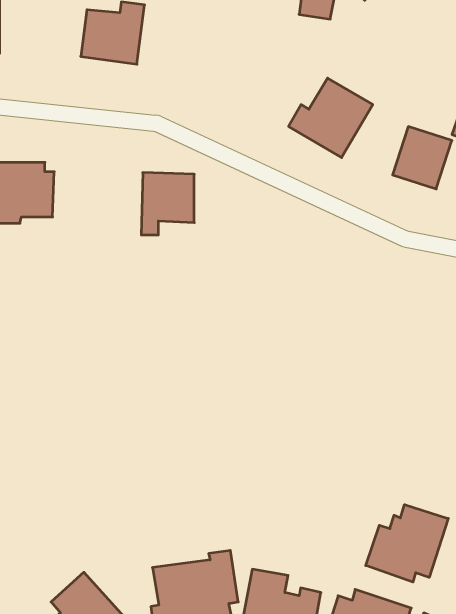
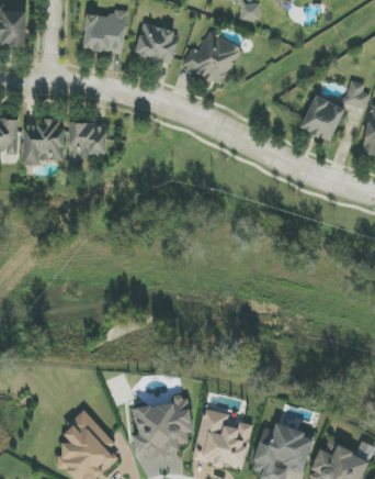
building: none -> [134,21,179,65]
building: [289,78,373,158] -> [182,30,241,86]
building: [141,173,194,235] -> [68,121,105,165]
building: [366,505,448,582] -> none

